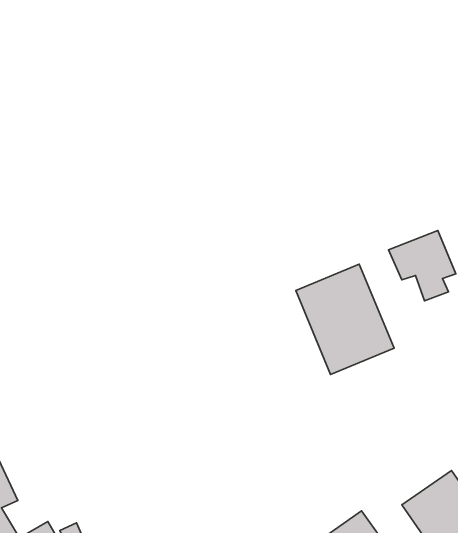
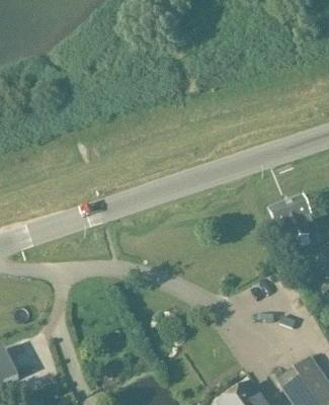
building: [296,264,394,374] -> none

